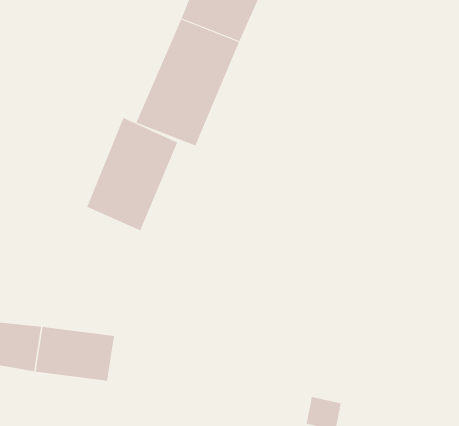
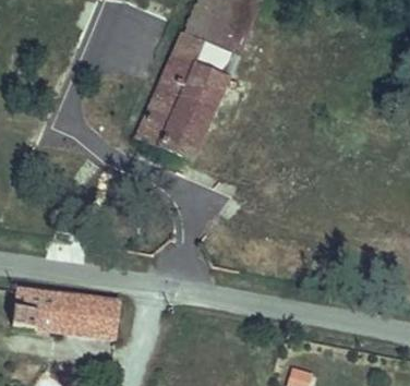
building: [86,117,178,231] -> none

